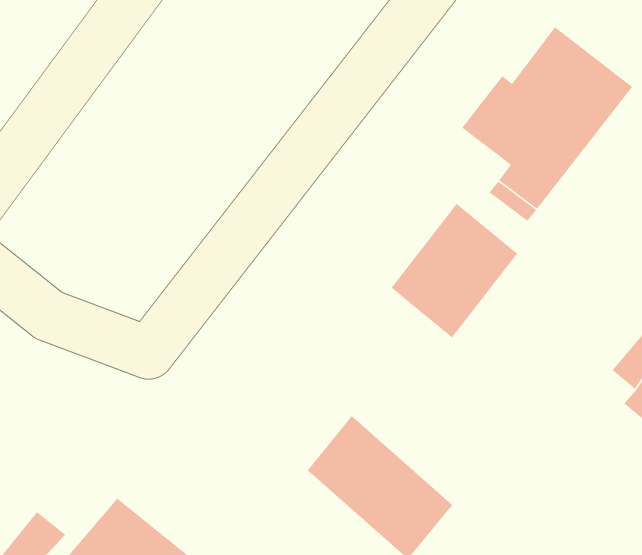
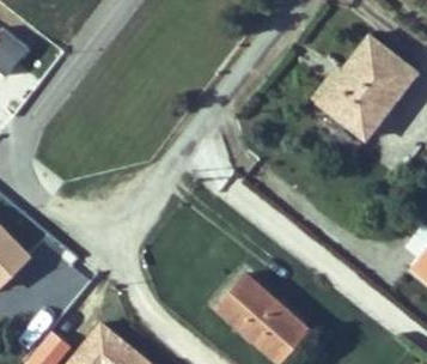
building: [390,203,518,339] -> none

